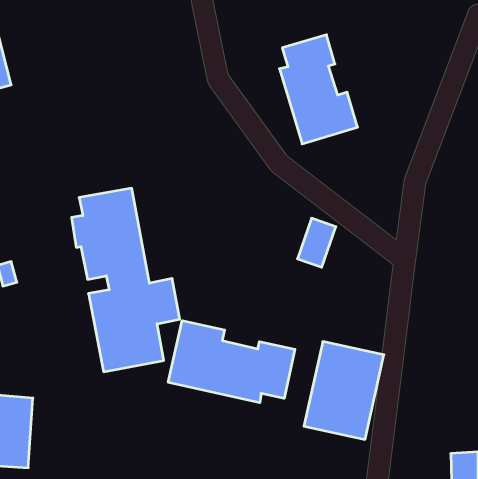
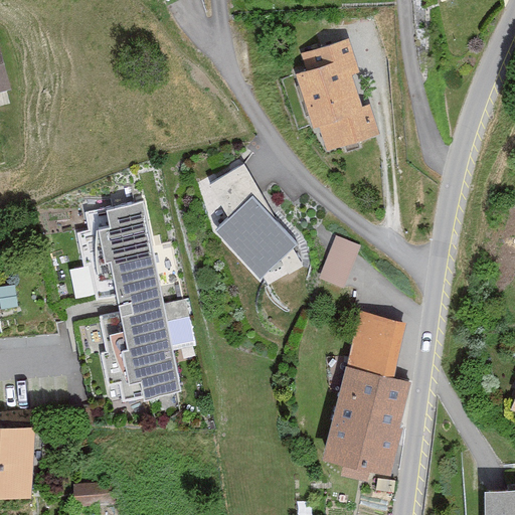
building: none -> [213,196,295,279]
building: none -> [345,312,405,377]
building: [168,321,295,403] -> none

